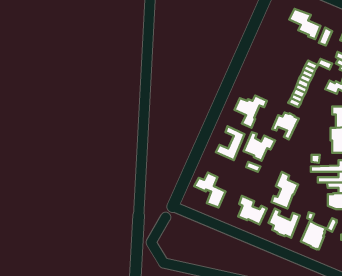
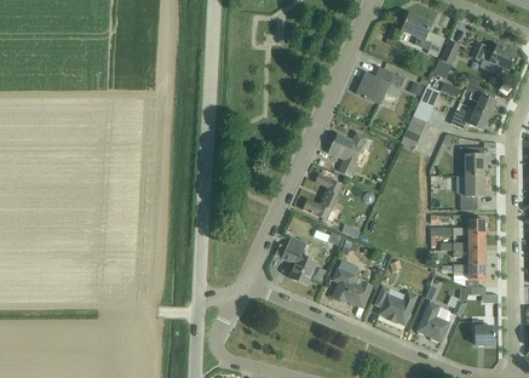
building: none -> [355,65,404,104]
building: [272,112,299,140] -> none
building: [244,132,275,161] -> none
building: [271,172,298,208] -> none

